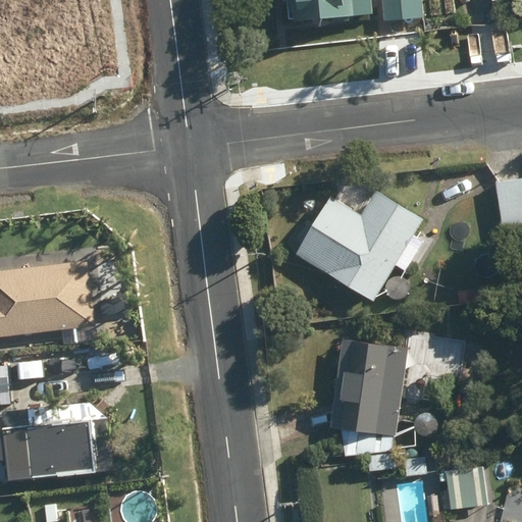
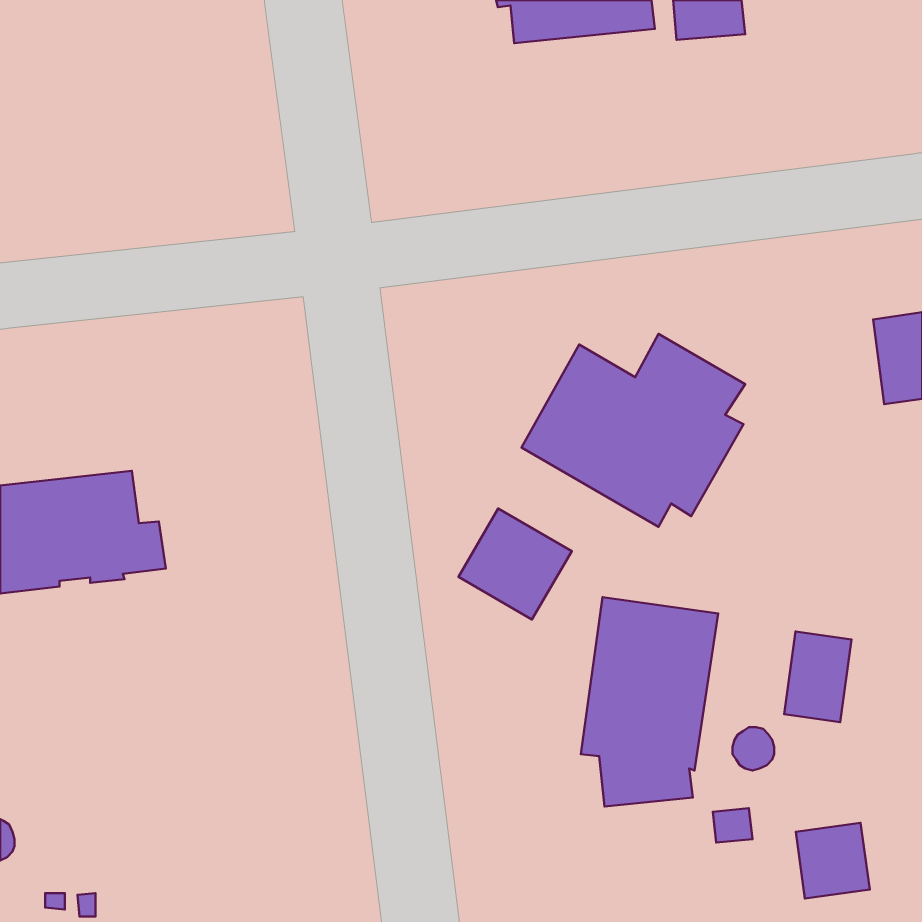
building: none -> [458,509,572,619]
building: none -> [784,631,852,722]
building: [9,401,114,481] -> none

